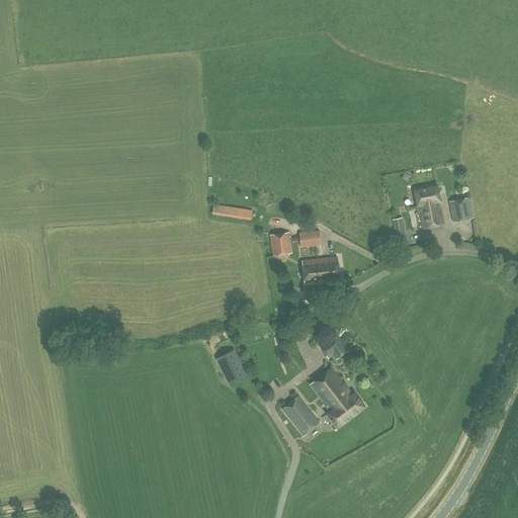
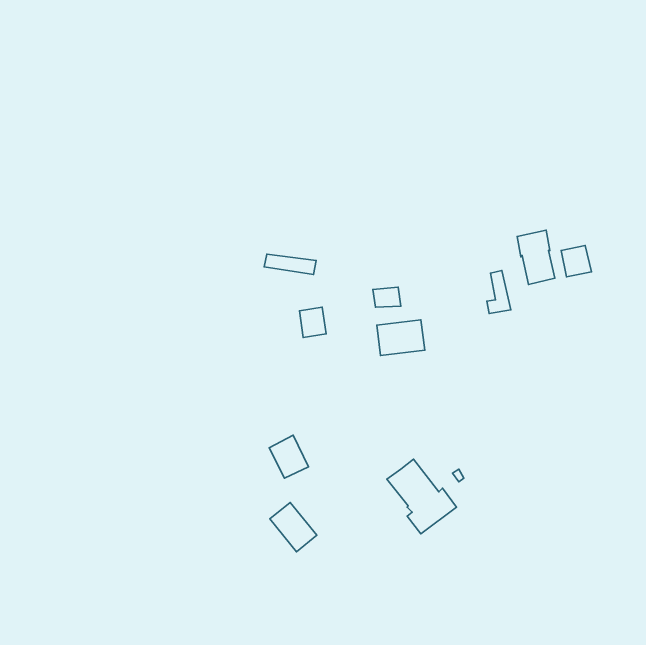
building: [270,231,291,255] -> [300,307,326,338]
building: [320,333,348,357] -> none
building: [282,395,320,434] -> [270,502,317,552]

